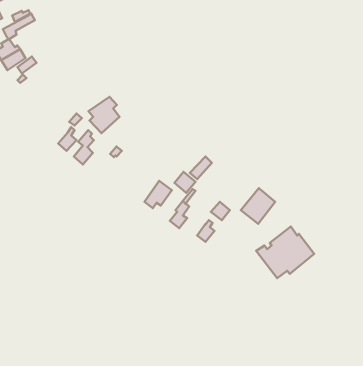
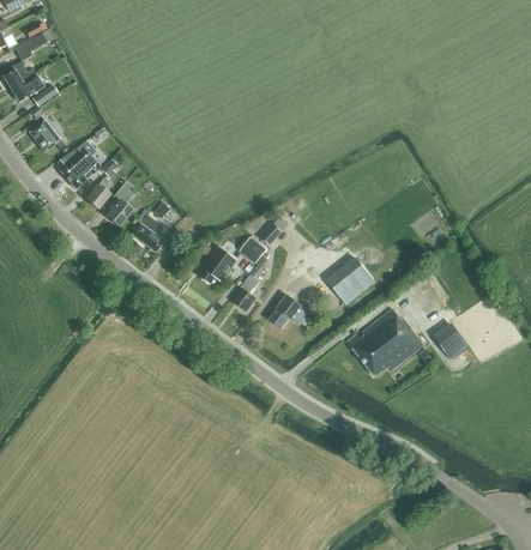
building: none -> [29,120,64,152]
building: [89,97,120,133] -> [59,140,99,188]
building: none -> [132,218,164,252]
building: none -> [435,325,469,359]

